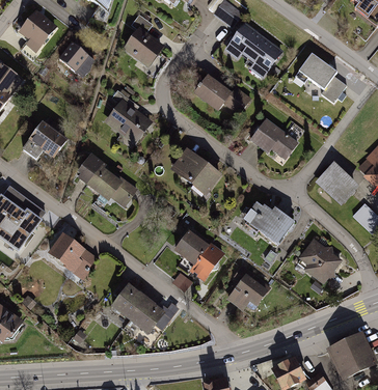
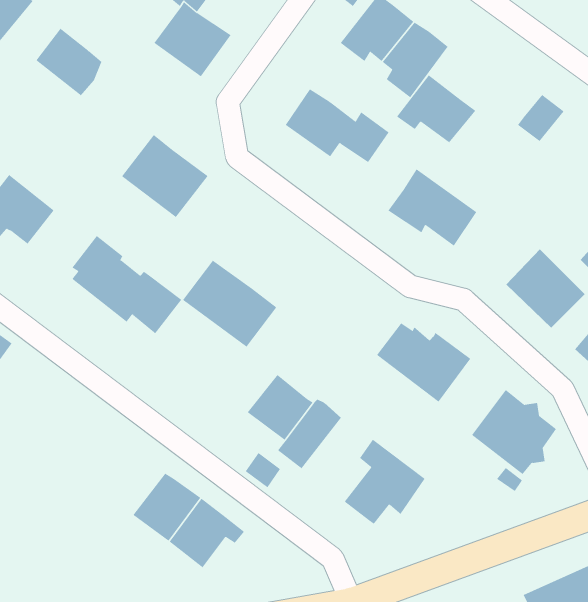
building: [295,52,339,89] -> [396,75,476,143]
building: [170,147,222,195] -> [182,260,277,347]
building: [48,232,98,278] -> none

